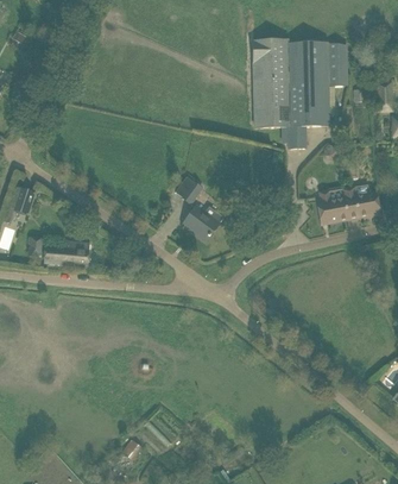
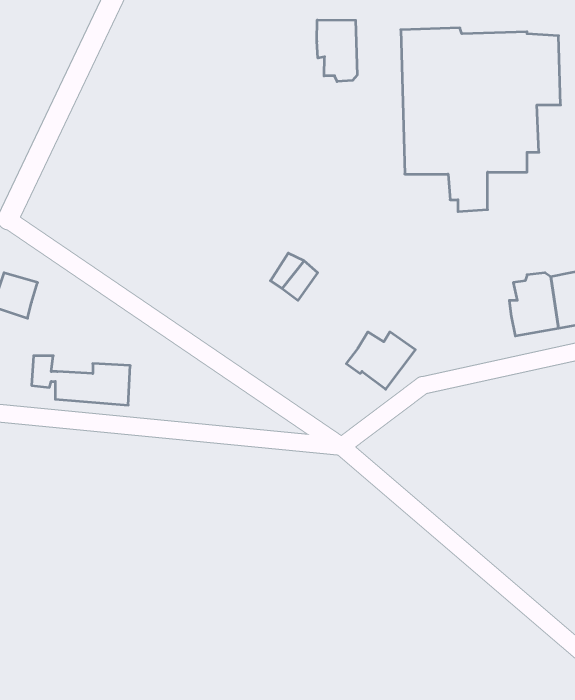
building: none -> [317,20,357,82]
building: [182,206,223,240] -> [346,332,415,389]

